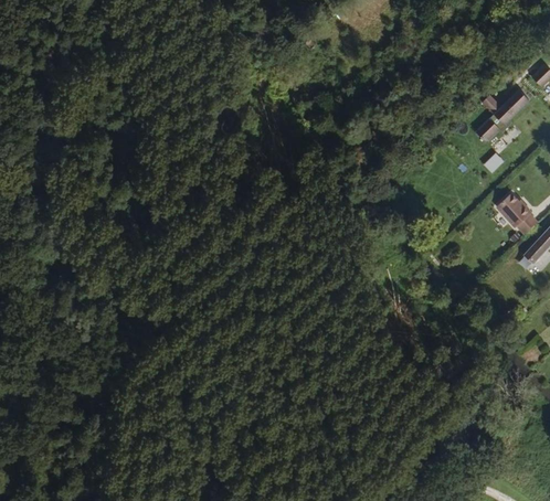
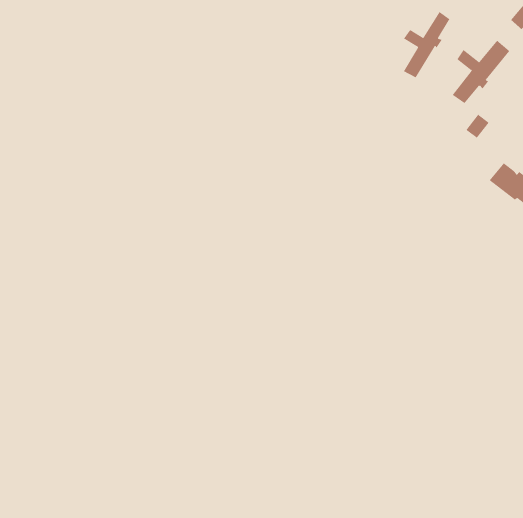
building: none -> [403,11,450,78]

